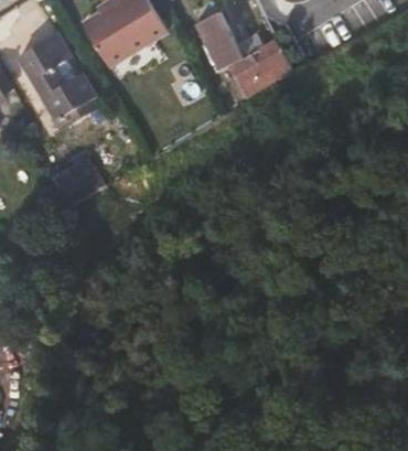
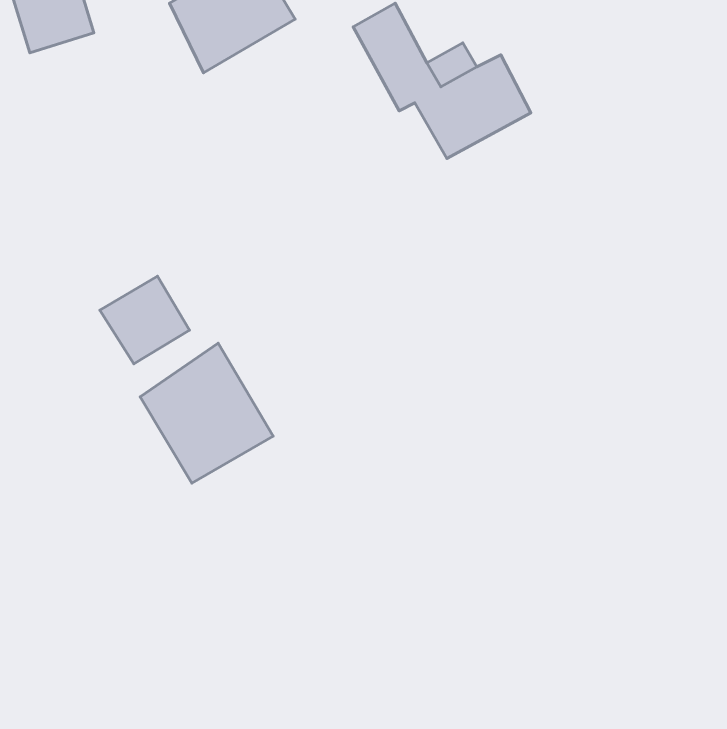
building: [17,41,78,114] -> none
building: none -> [140,343,273,483]

